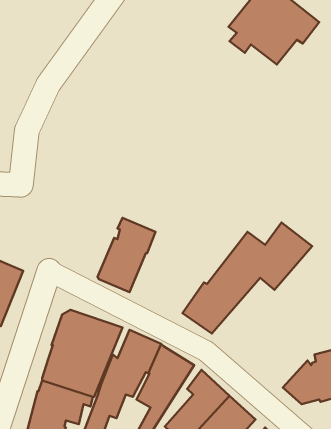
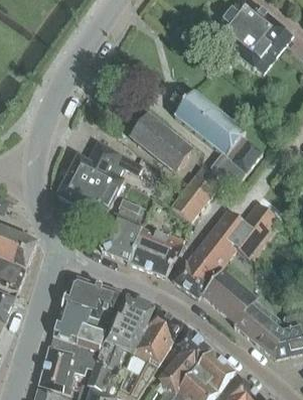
building: none -> [171,92,263,186]
building: none -> [132,117,192,171]
building: none -> [57,142,144,219]
building: none -> [172,175,216,223]
building: none -> [128,229,185,276]
building: none -> [202,270,280,344]

